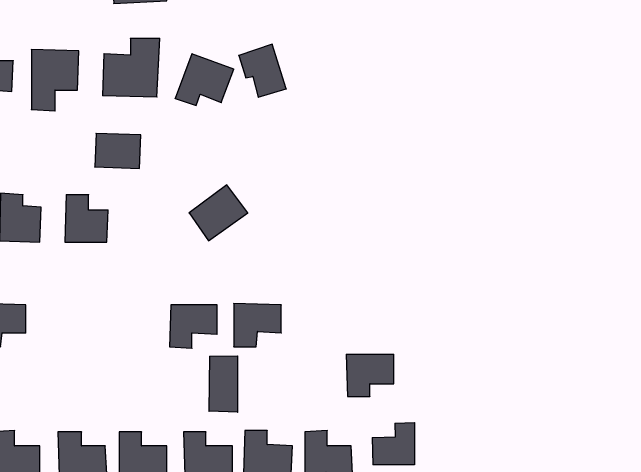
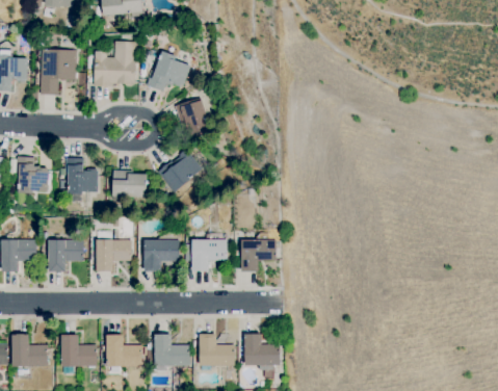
building: [239,44,286,97] -> [175,99,210,138]
building: [95,133,141,168] -> [112,172,147,198]
building: none -> [48,240,83,271]
building: none -> [96,240,131,271]
building: [346,354,394,396] -> [240,240,276,271]
building: [209,356,238,412] -> none
building: [372,423,415,465] -> none

